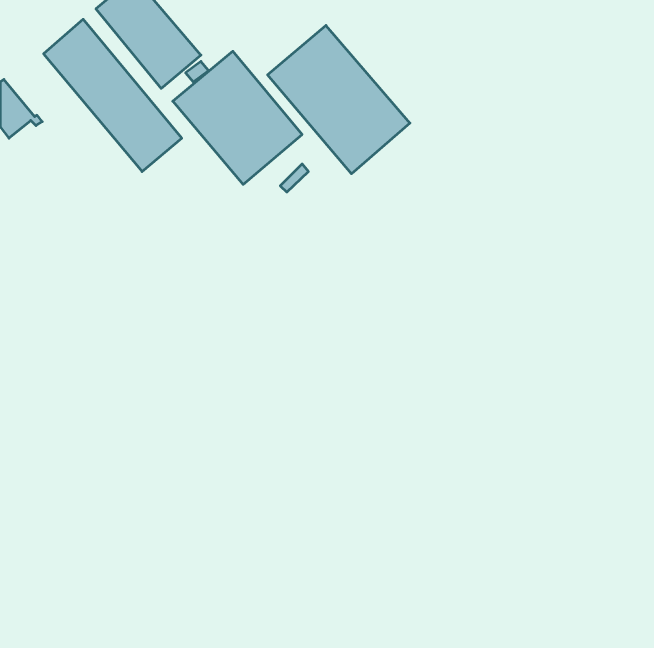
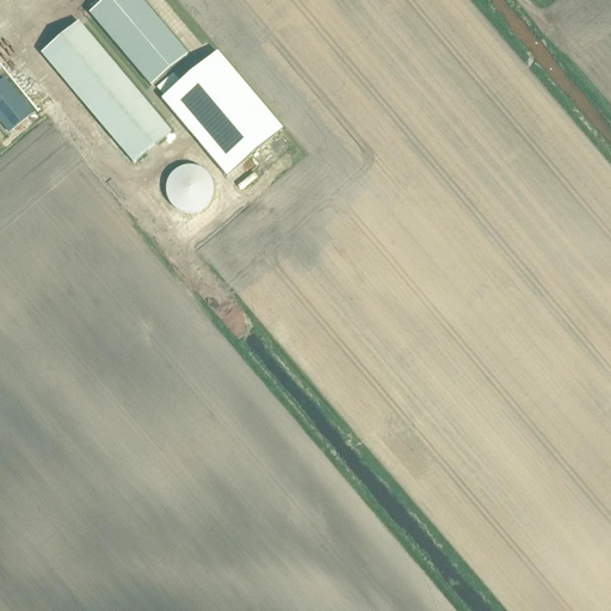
building: [268,25,410,174] -> none
building: none -> [167,162,211,206]

